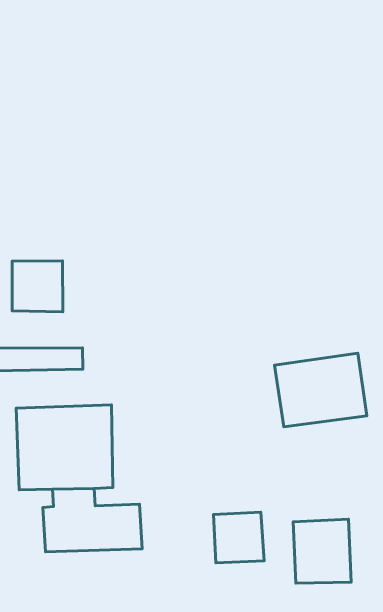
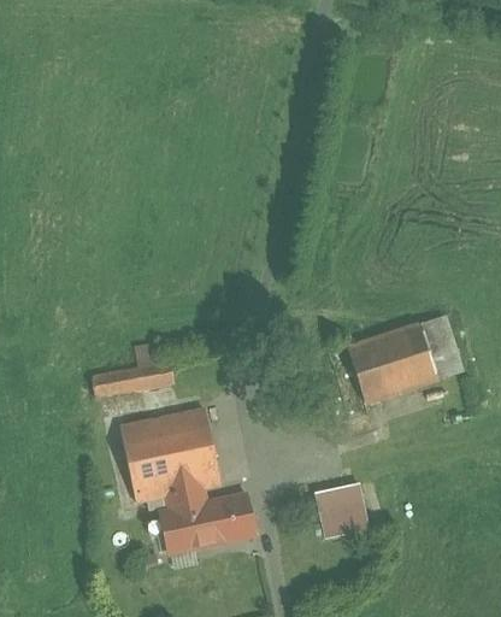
building: [12,261,63,312] -> none
building: [293,519,351,583] -> none

